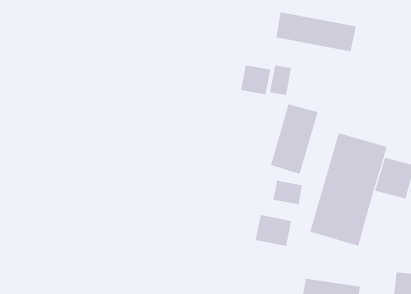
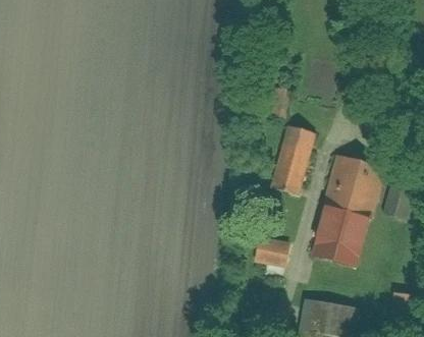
building: [276,12,357,52] -> none
building: [241,65,271,95] -> none
building: [273,180,303,205] -> none

